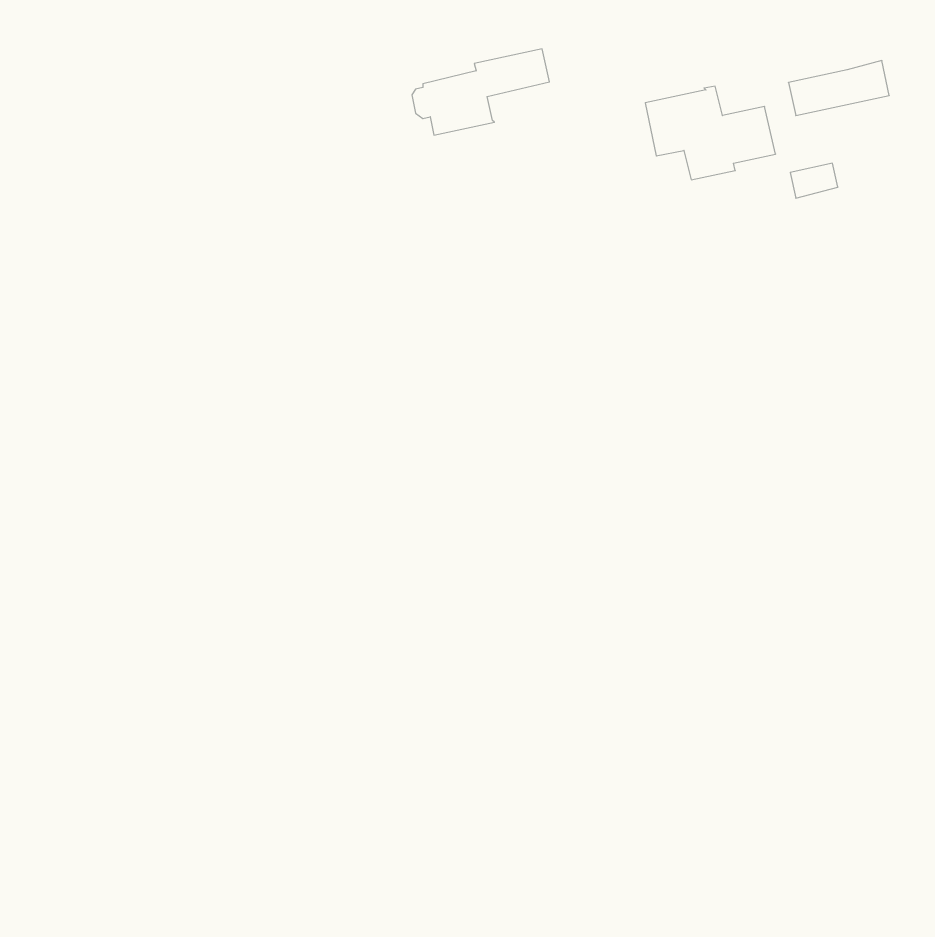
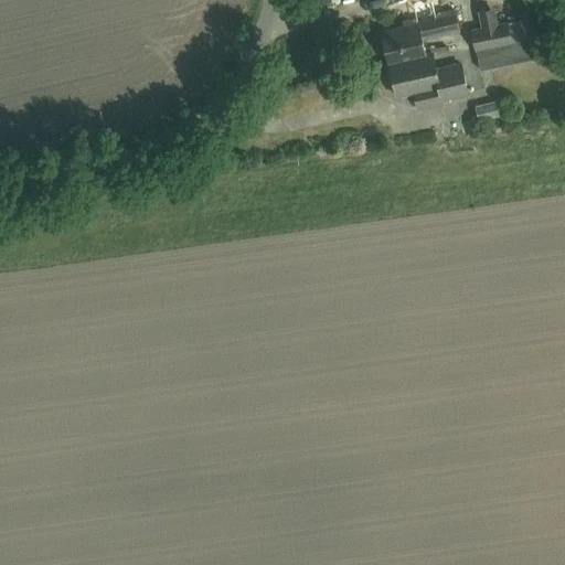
building: none -> [470,22,510,50]
building: [412,49,549,135] -> [375,10,458,62]

